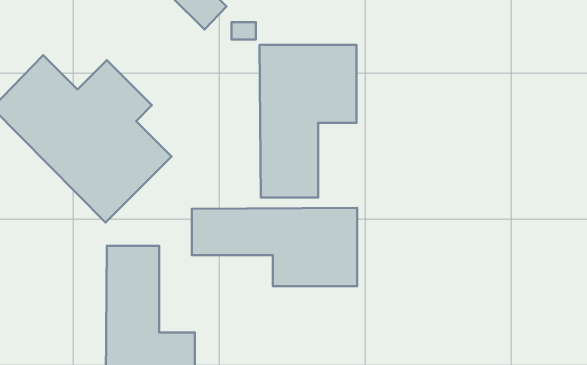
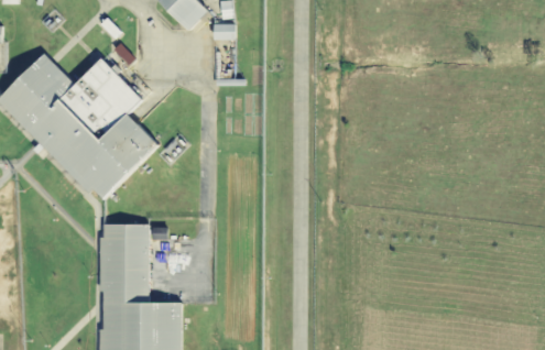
building: [259,45,357,197] -> none
building: [192,208,357,286] -> none

